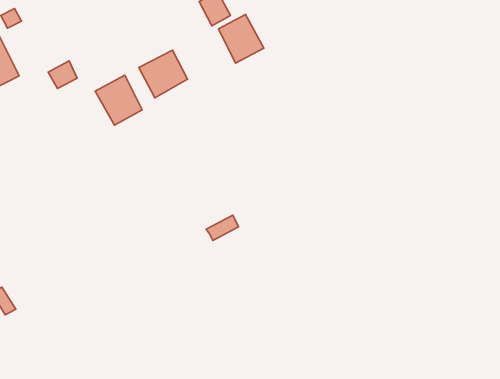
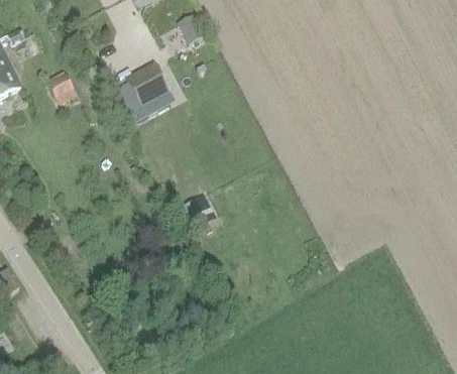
building: [218,14,264,63] -> none
building: [95,75,142,125] -> none

